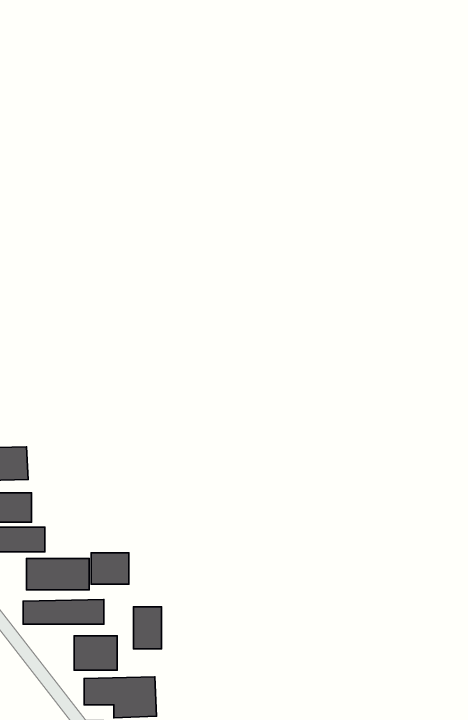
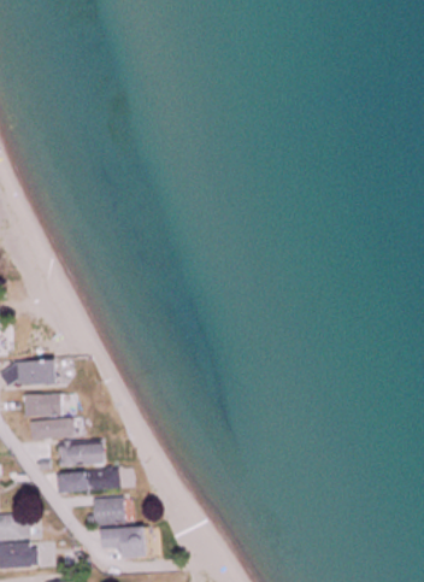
building: [91,553,129,584] -> none
building: [133,607,162,649] -> none

